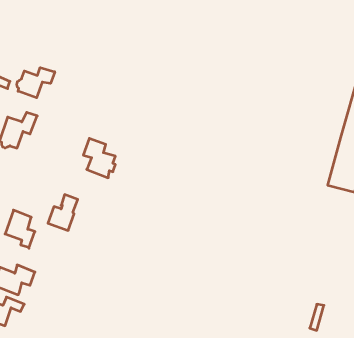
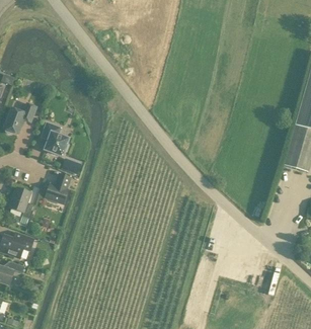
building: [17,68,55,98] -> none
building: [83,138,115,178] -> [41,122,68,156]

